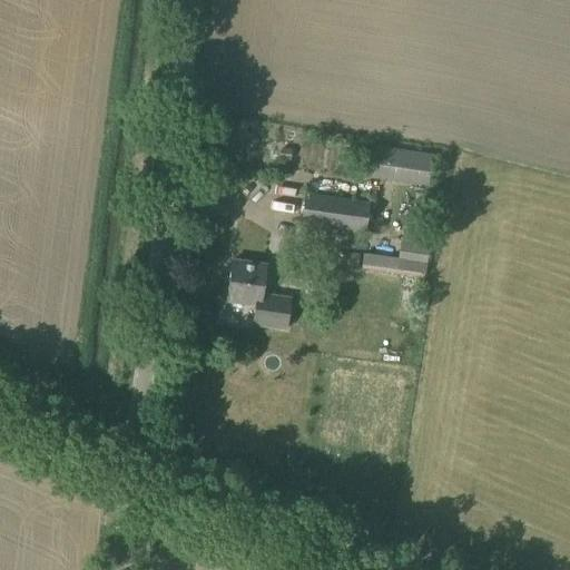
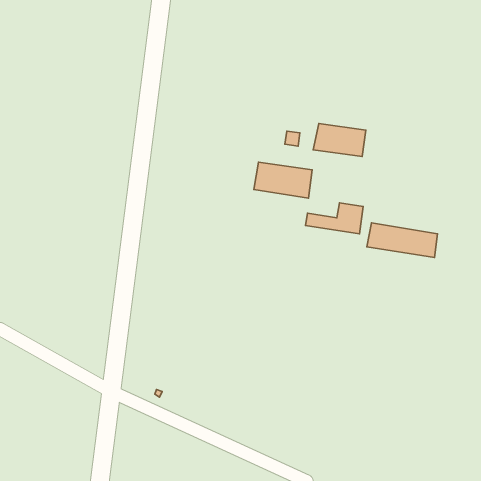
building: [227,259,292,330] -> none
building: none -> [367,223,438,257]

